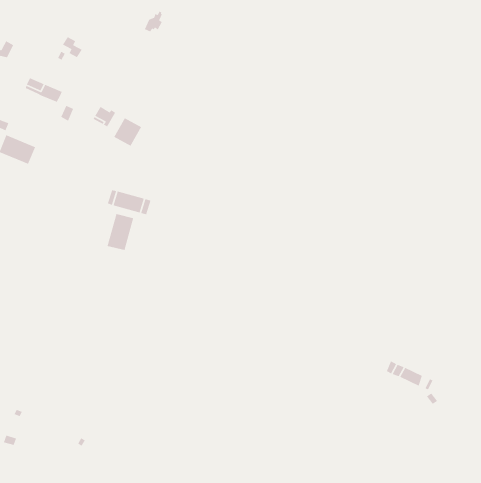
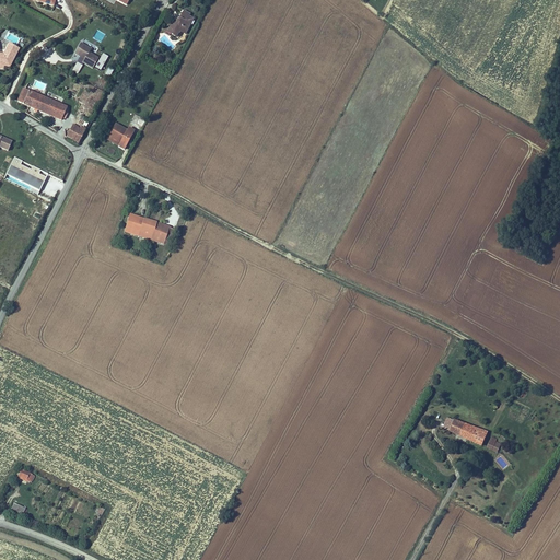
building: [113,117,142,147] -> none
building: [107,213,134,251] -> none

